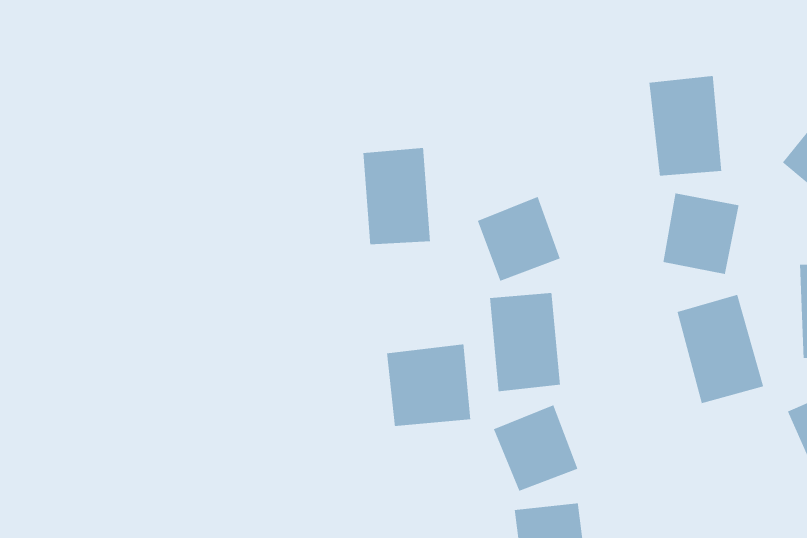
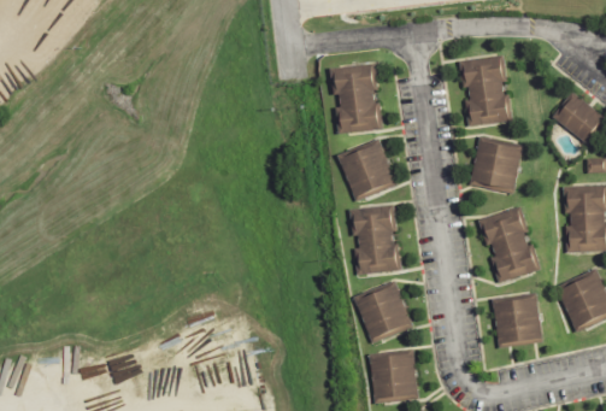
building: [363,147,431,245] -> [333,64,380,131]
building: [386,344,471,427] -> none
building: none -> [492,293,542,346]

